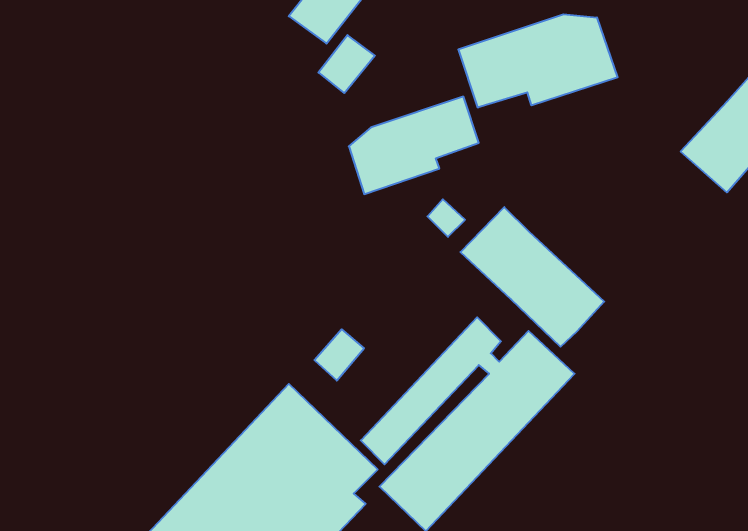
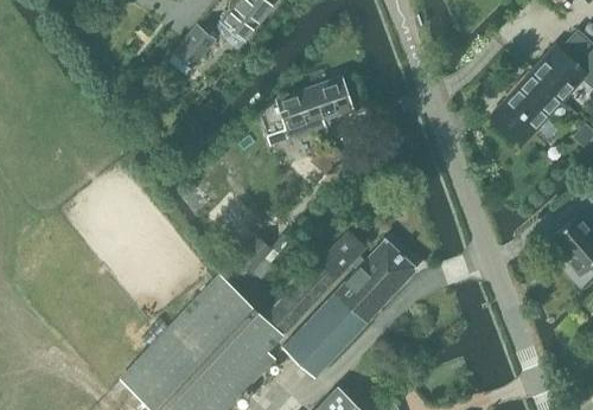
building: [458,14,618,108] -> none
building: [318,35,375,93] -> [176,26,215,66]
building: [460,207,604,347] -> none

